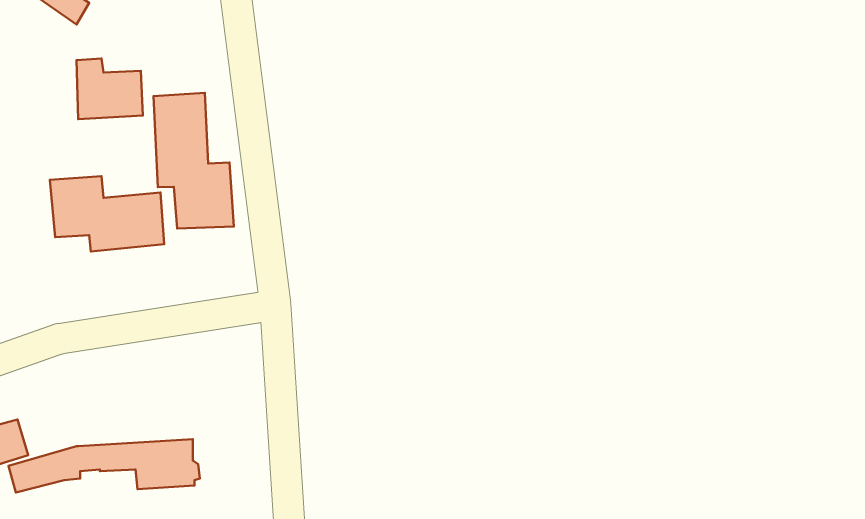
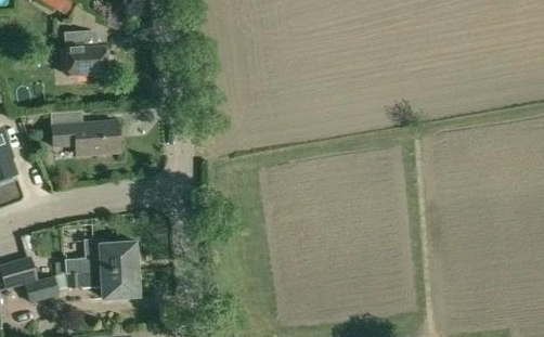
building: [154,93,234,229] -> none
building: none -> [65,239,138,273]

